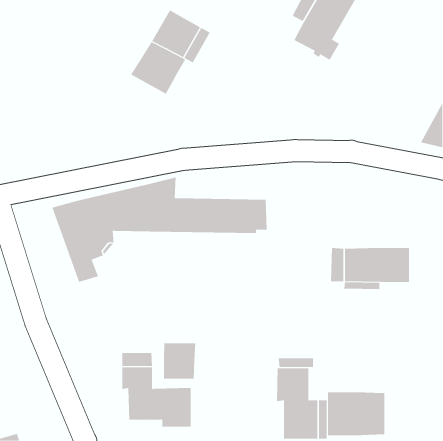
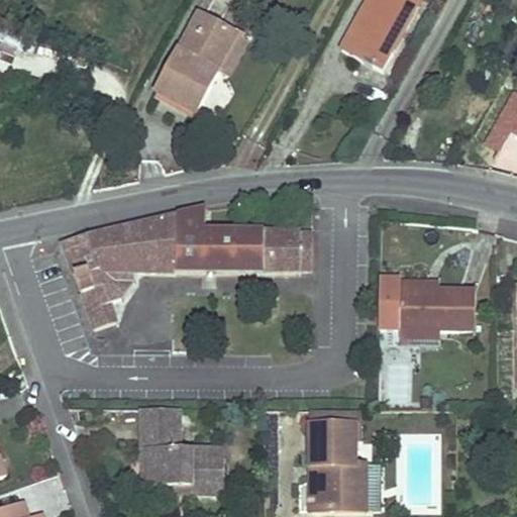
building: [163,342,196,380] -> none
building: [328,391,385,436] -> none

